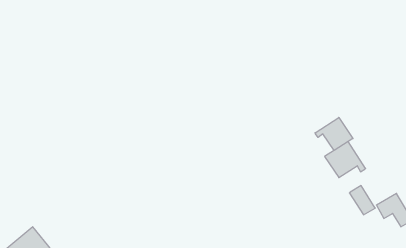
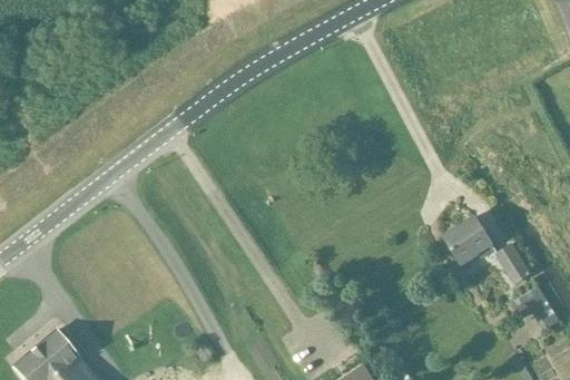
building: [315,117,353,150] -> none
building: [349,186,375,215] -> [497,243,531,282]

